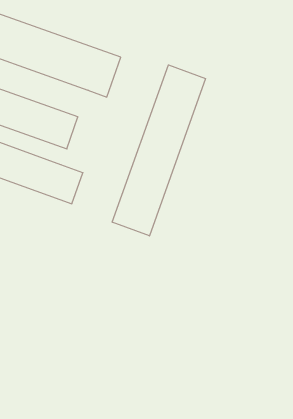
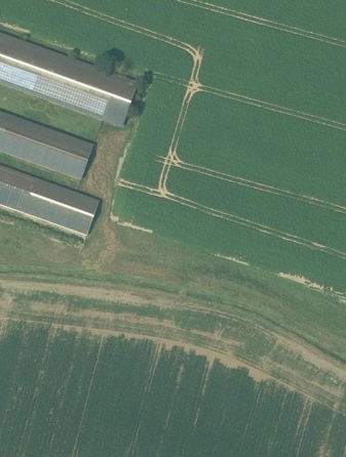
building: [112,65,206,236] -> none

